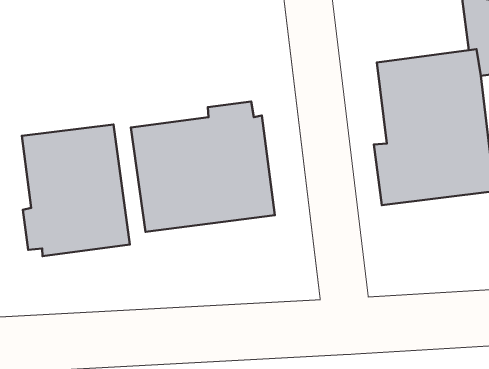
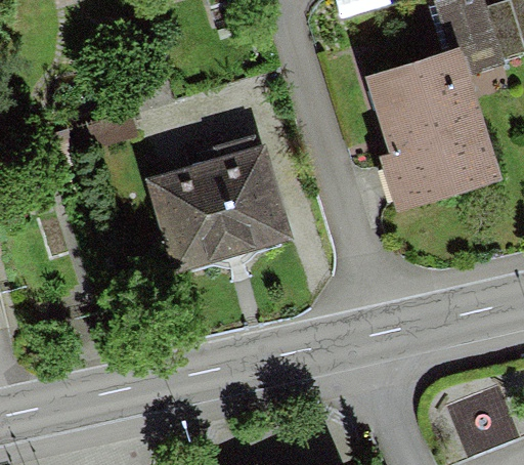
building: [22,124,130,256] -> none

